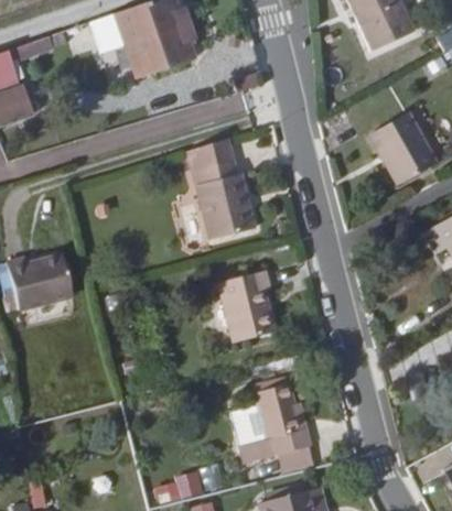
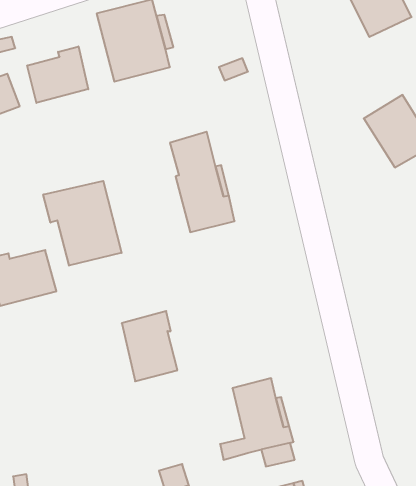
building: none -> [27,46,88,103]
building: none -> [43,181,122,266]
building: [216,274,271,344] -> [122,311,177,381]

